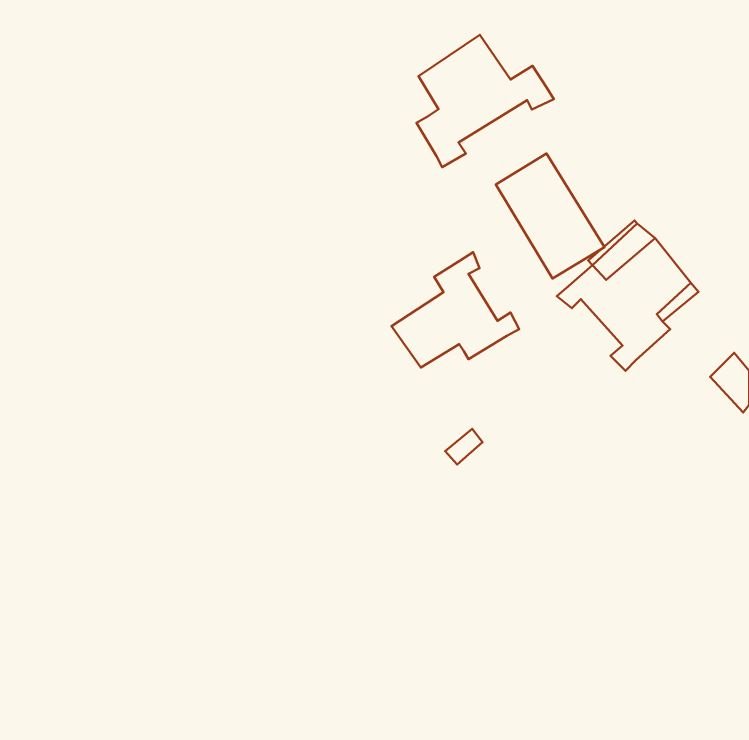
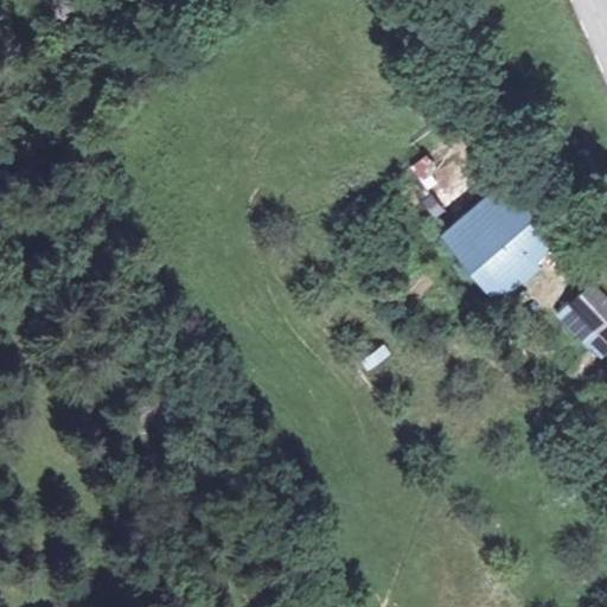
building: [417,35,554,167] -> none
building: [391,252,519,368] -> none

